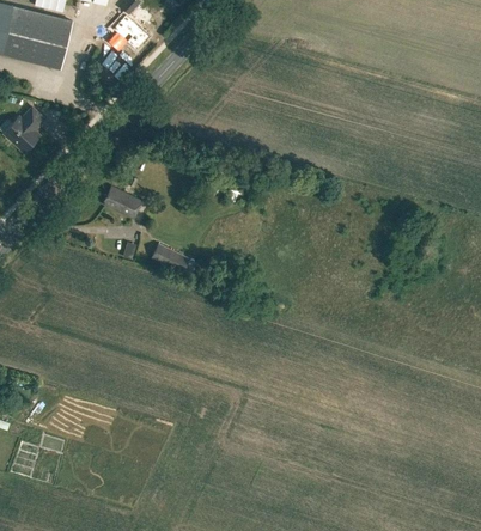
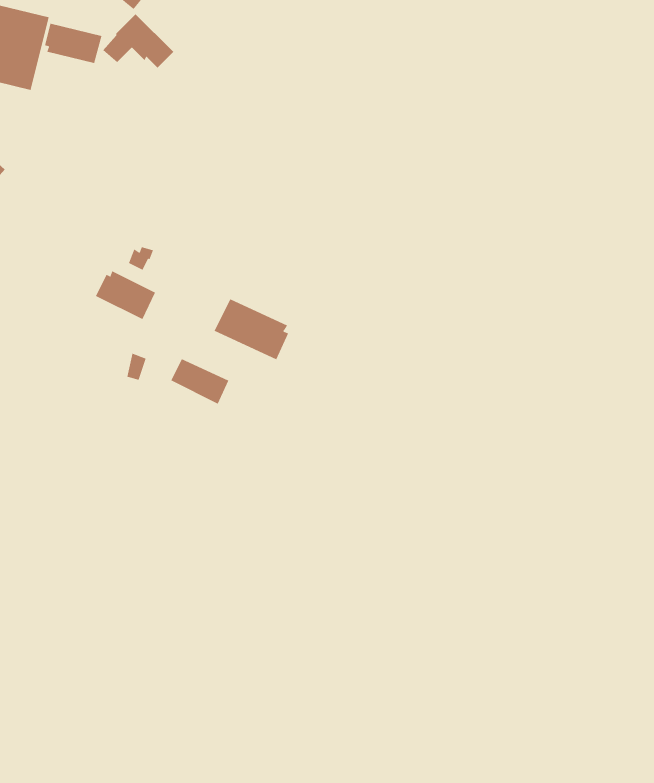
building: none -> [44,23,102,64]
building: none -> [214,299,289,360]

